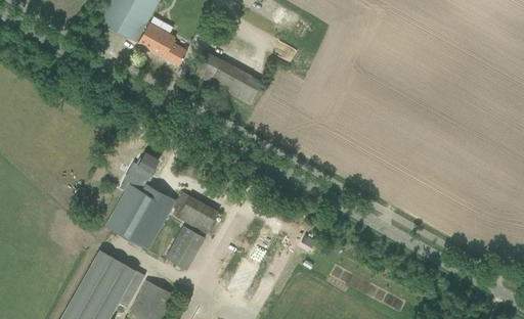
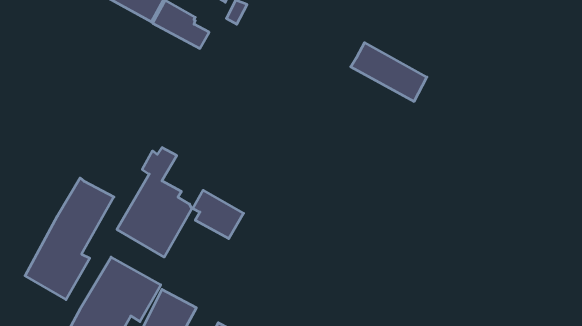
building: [193,52,261,104] -> [351,43,427,101]
building: none -> [25,178,114,300]
building: [165,225,205,270] -> none

